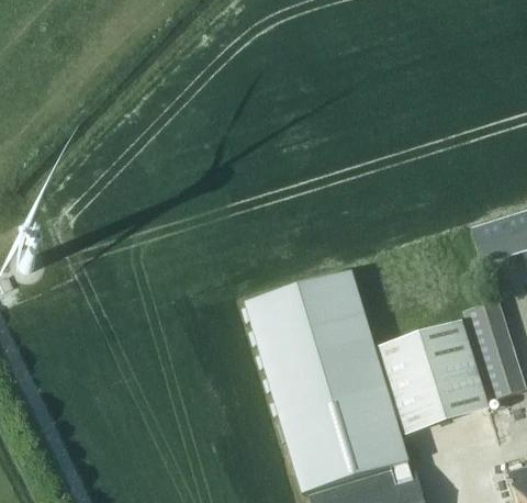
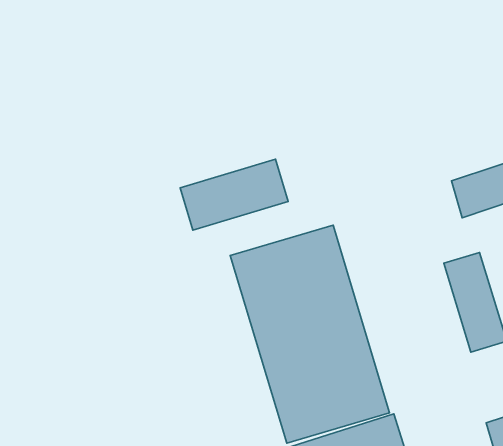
building: none -> [180,159,288,230]
building: [375,321,490,436] -> none

